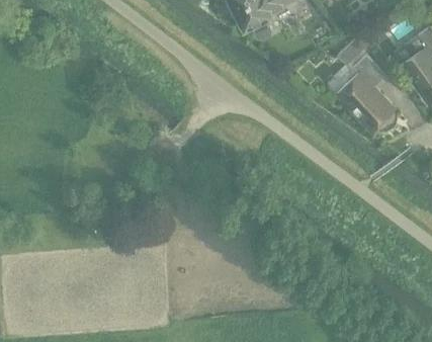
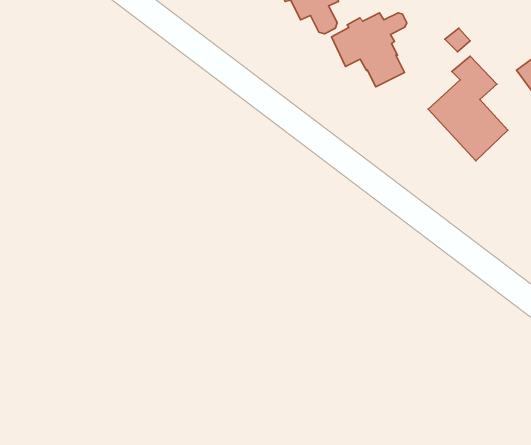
building: none -> [331,13,407,87]

